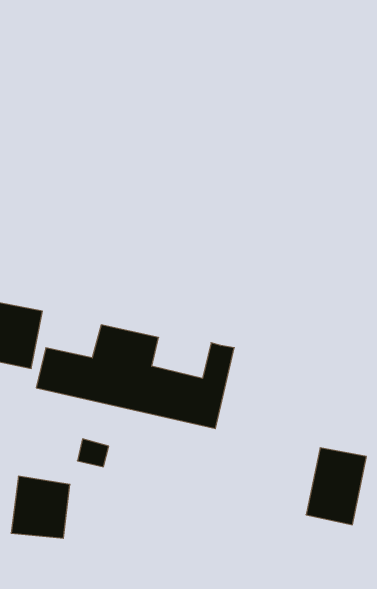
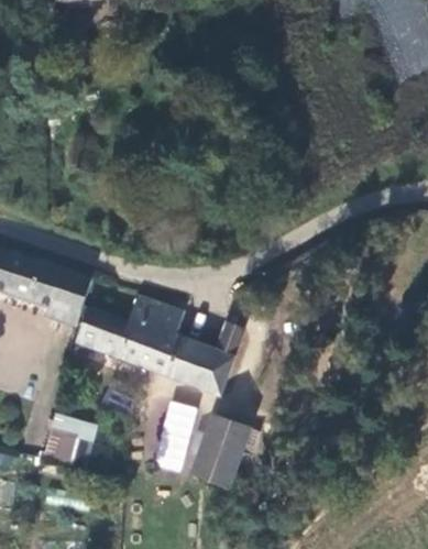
building: none -> [149,399,195,472]
building: [306,448,366,525] -> [195,415,251,482]

